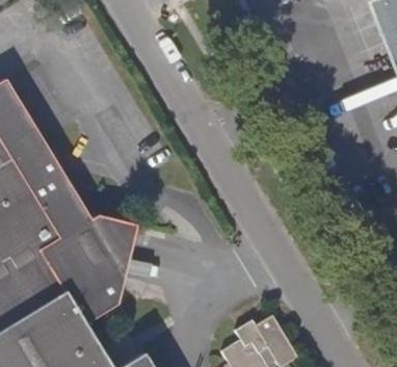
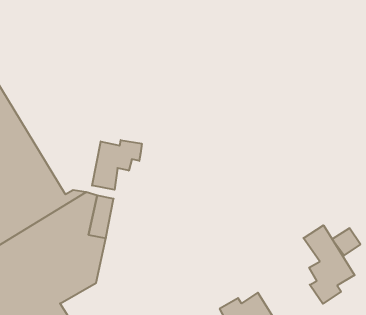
building: none -> [92,140,142,190]
building: none -> [303,225,355,304]

